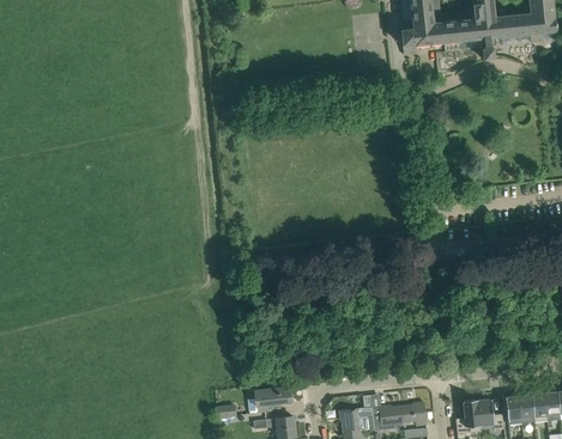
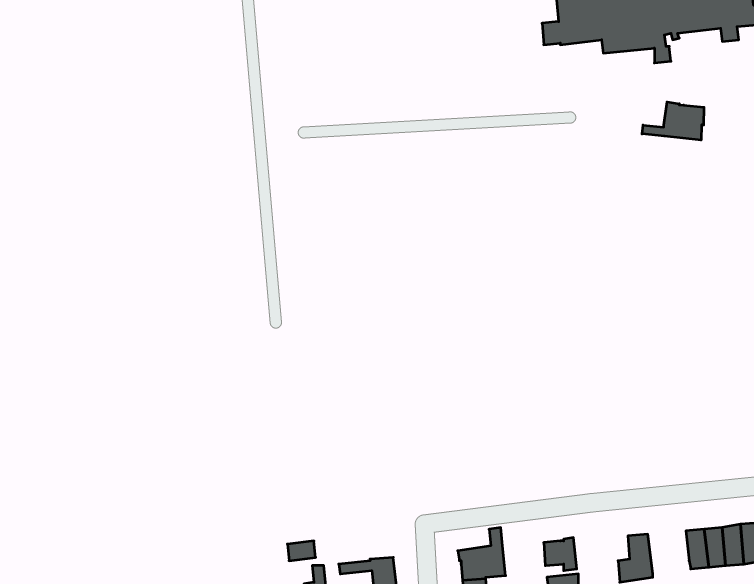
building: none -> [642,102,704,140]
building: [248,386,292,414] -> none
building: [478,397,504,429] -> none
building: [373,406,404,429] -> none

